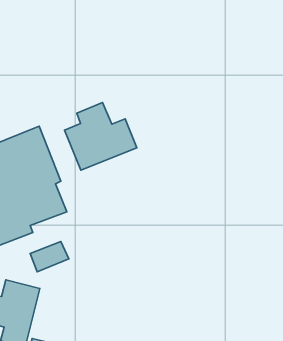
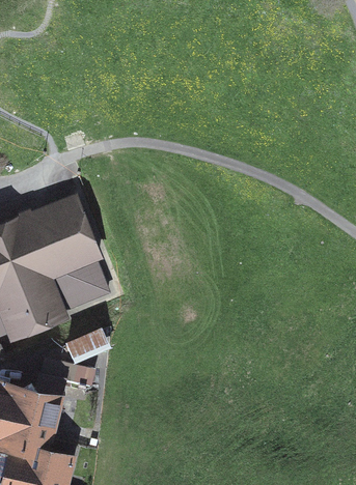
building: [65,103,137,170] -> none

